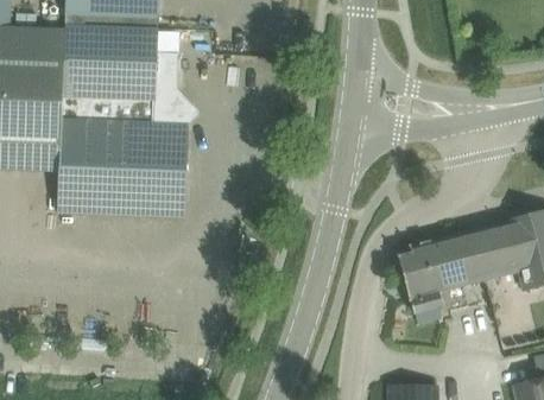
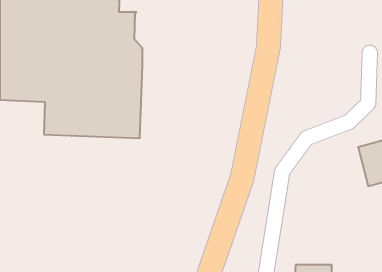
building: [398,230,483,313] -> none

